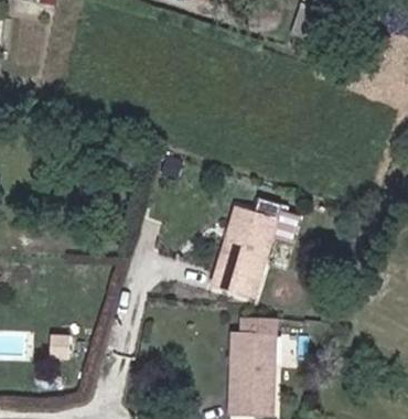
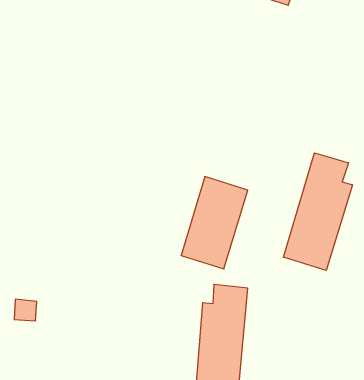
building: none -> [283,153,352,270]

